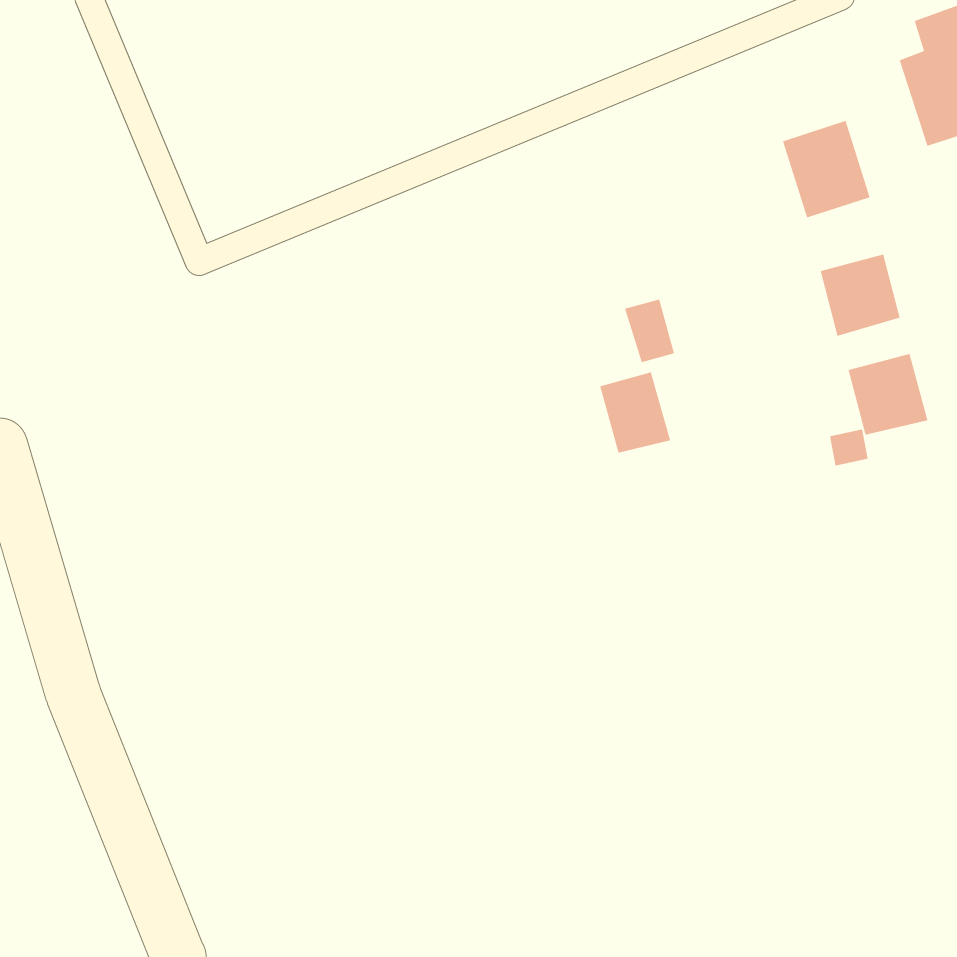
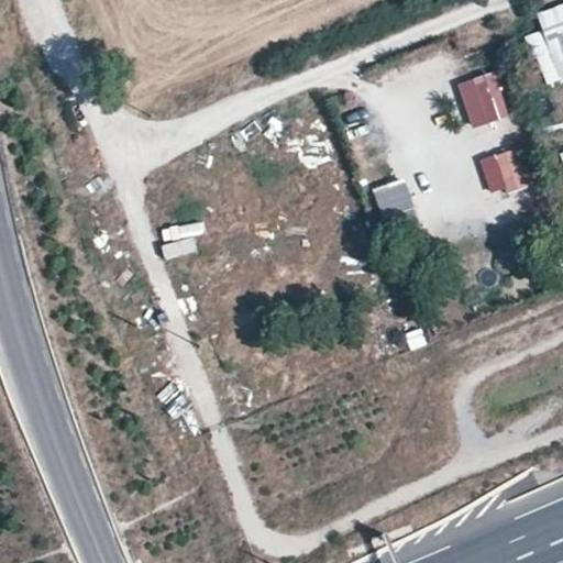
building: [848,353,928,435] -> none
building: [599,371,671,453] -> none

